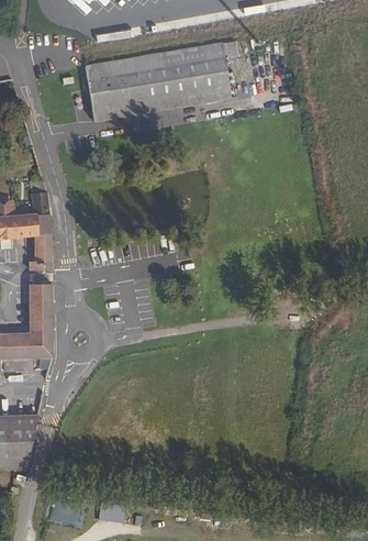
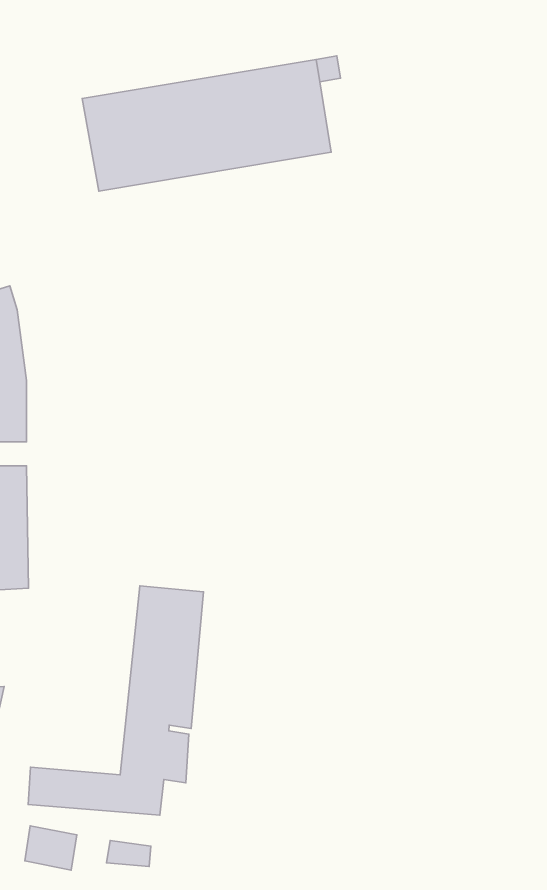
building: none -> [28,586,204,815]

